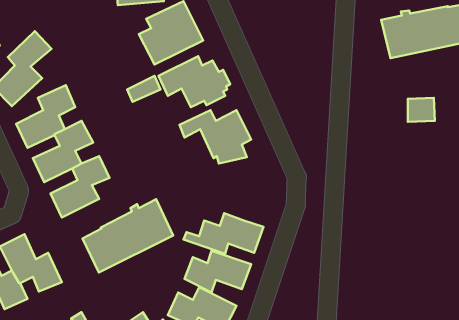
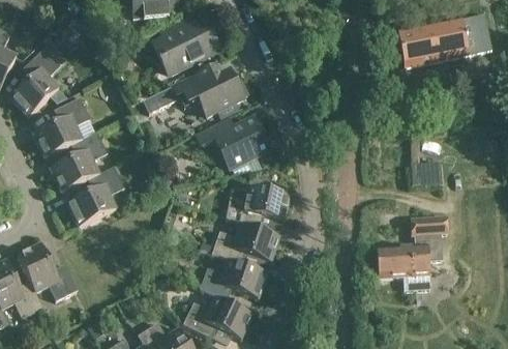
building: [408,98,435,122] -> [412,159,439,183]
building: none -> [225,185,289,230]
building: [83,199,173,273] -> none
building: none -> [377,214,447,290]

